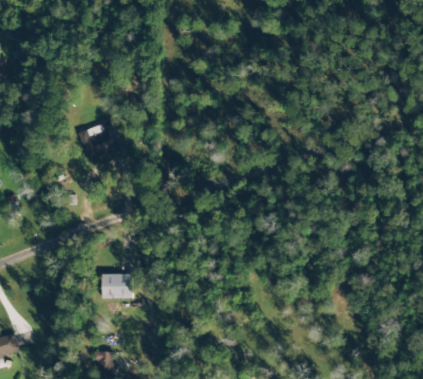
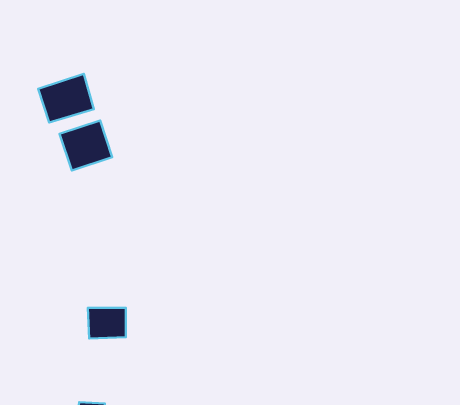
building: none -> [38,74,94,122]

